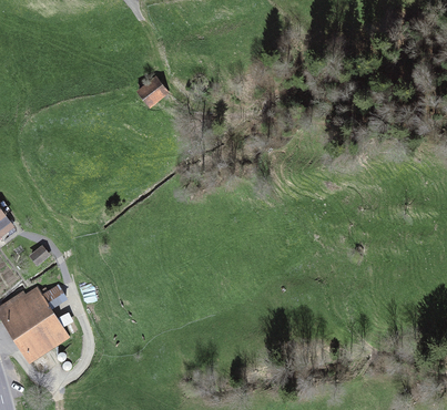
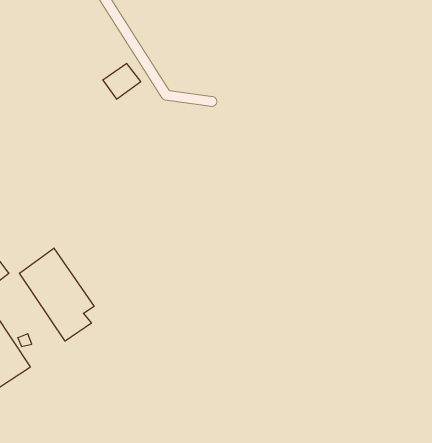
building: none -> [19,248,94,341]

